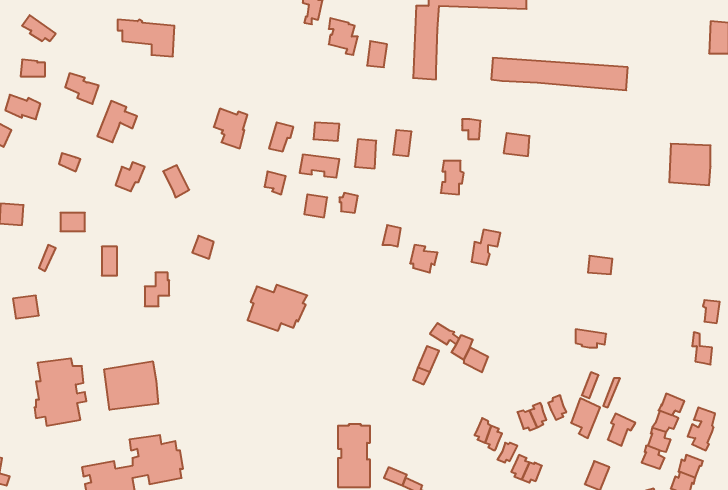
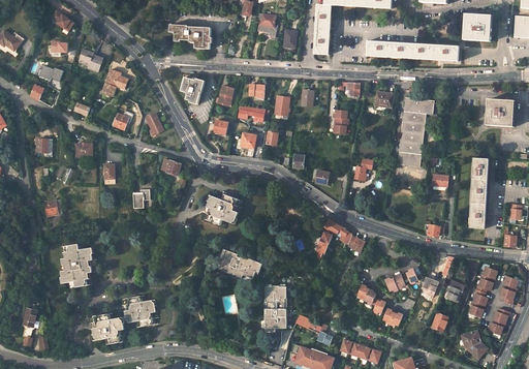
building: [118,20,174,56] -> [172,23,210,48]
building: none -> [464,14,492,42]
building: none -> [398,96,434,164]
building: none -> [469,156,488,225]
building: [104,361,158,410] -> none
building: none -> [217,250,261,280]

